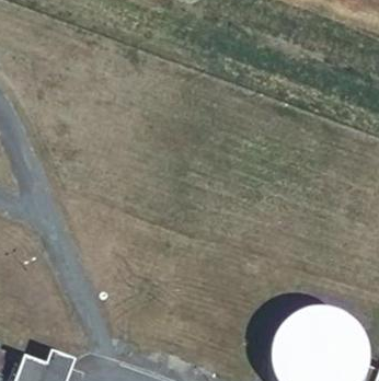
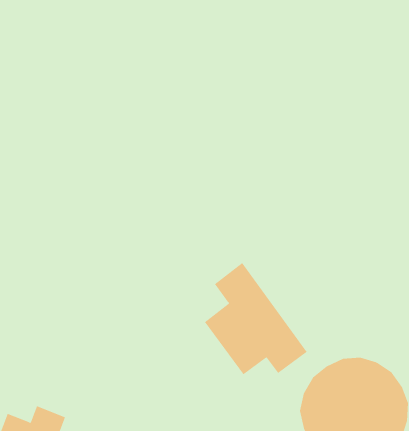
building: none -> [204,262,307,375]

